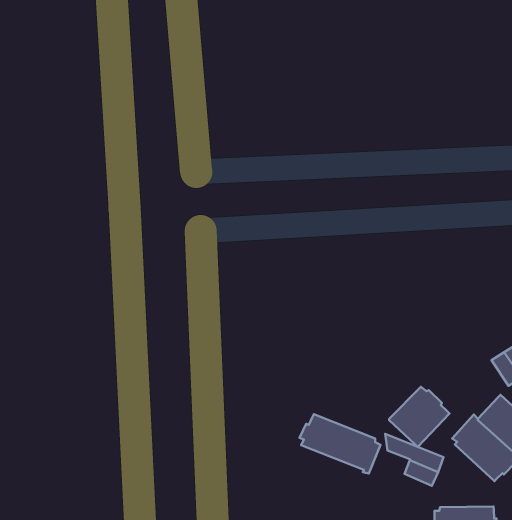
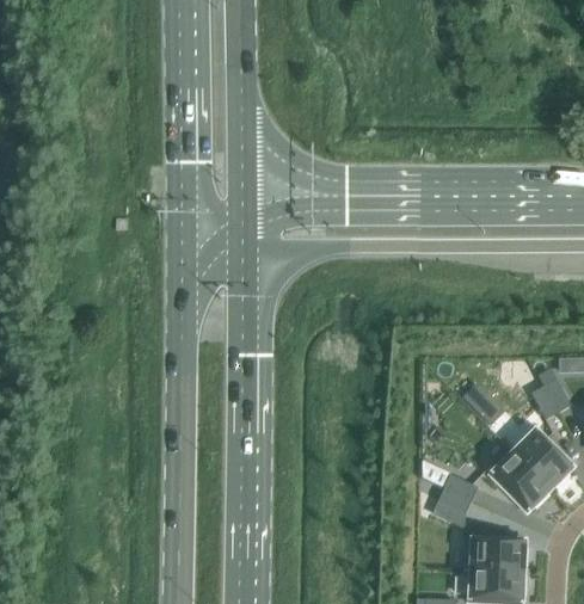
building: [389,387,450,447] -> none
building: [300,414,381,473] -> none

